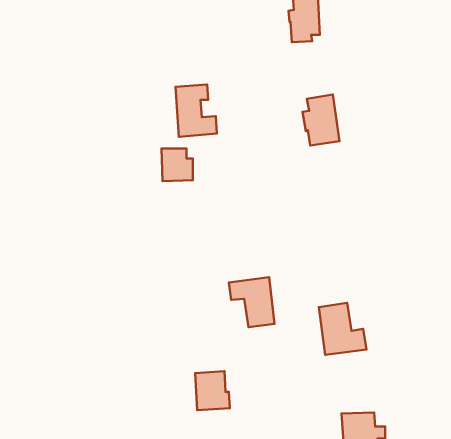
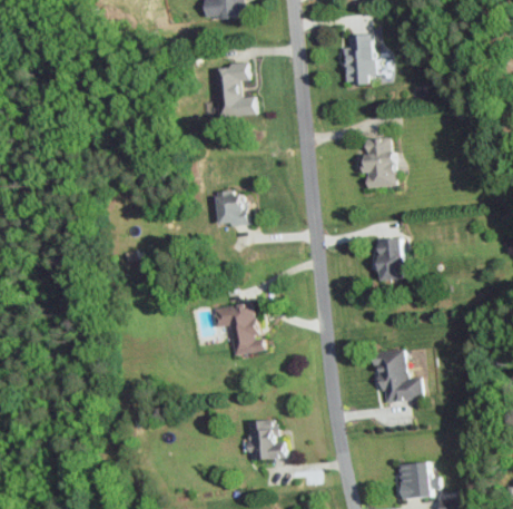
building: [176,85,217,137] -> [216,63,258,117]
building: none -> [375,238,405,280]
building: [229,277,275,327] -> [214,303,260,354]

